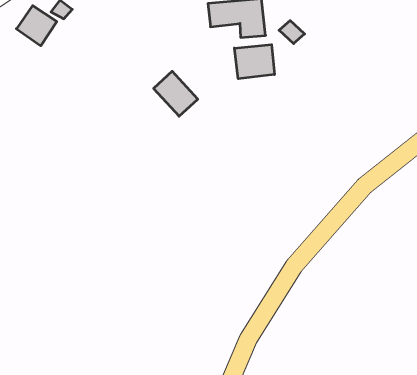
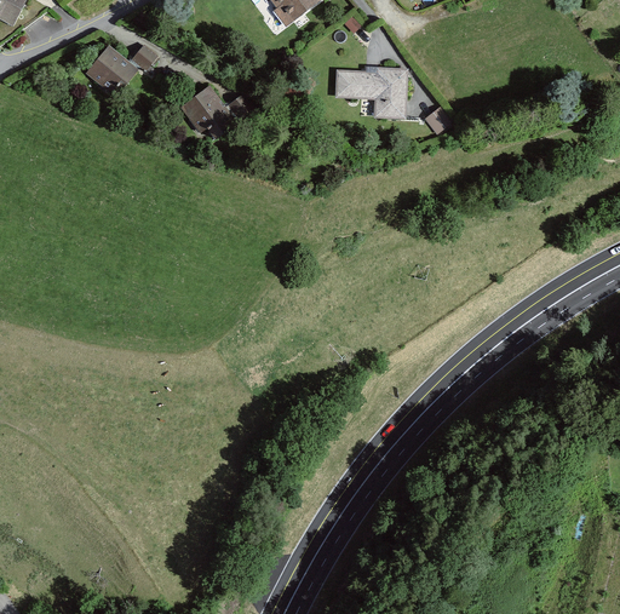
building: [234,45,274,79] -> none
building: [154,71,198,116] -> [179,86,235,145]

